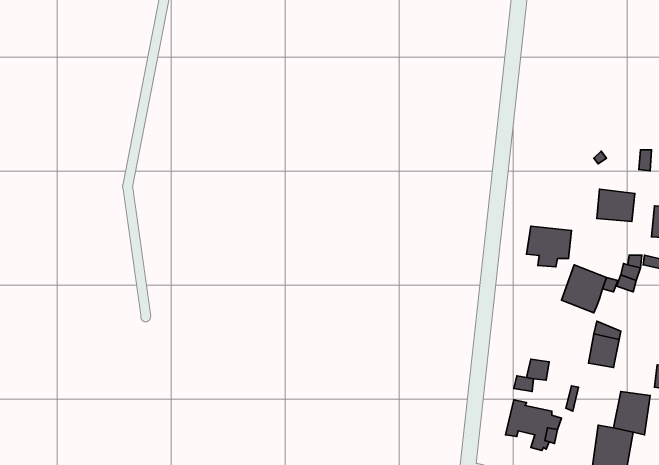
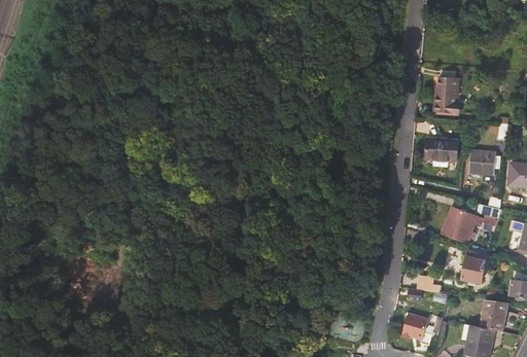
building: none -> [433,76,457,112]
building: [526,226,571,267] -> [425,139,458,169]

